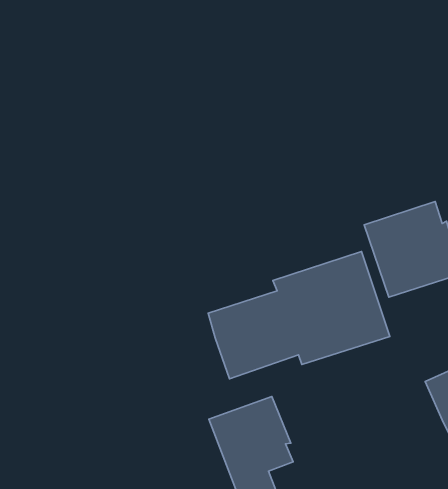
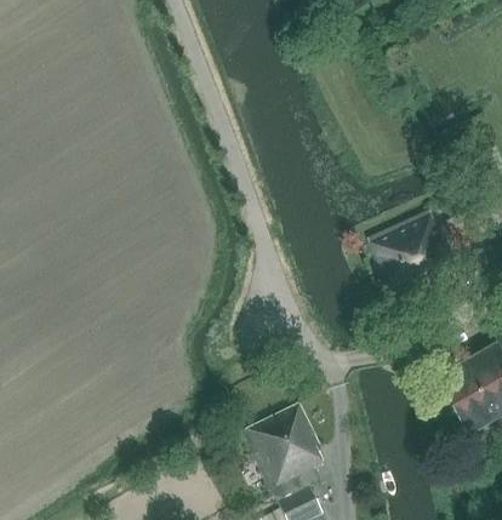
building: [208,251,390,379] -> none

